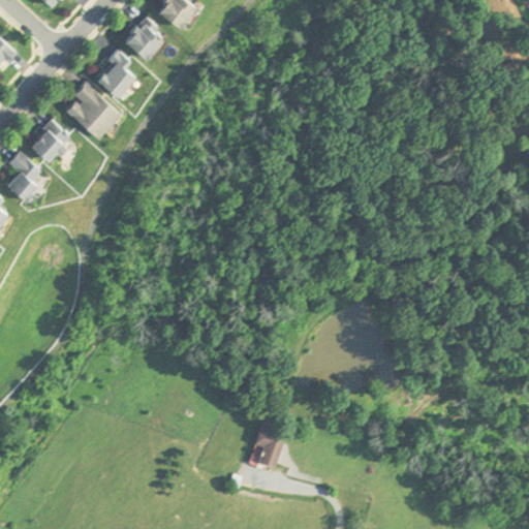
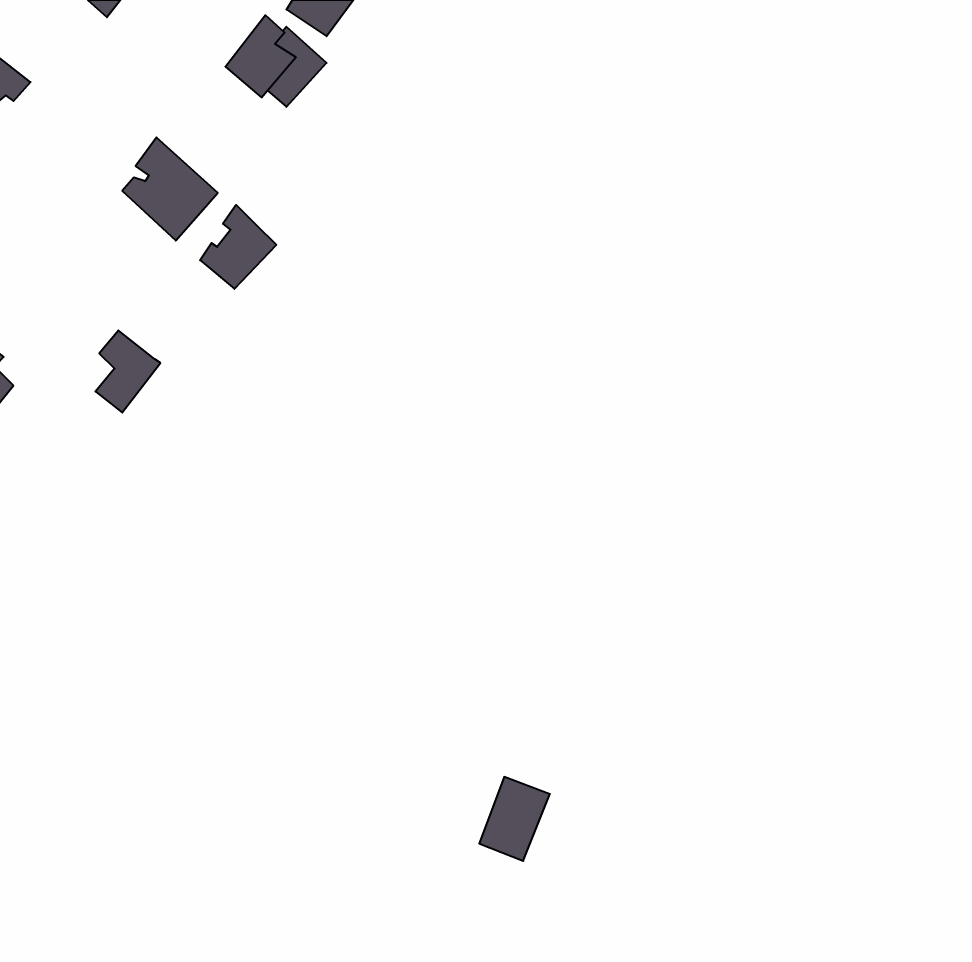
building: [96,51,137,96] -> [200,205,276,289]
building: [30,122,68,160] -> none
building: [6,154,41,198] -> [95,330,160,413]

